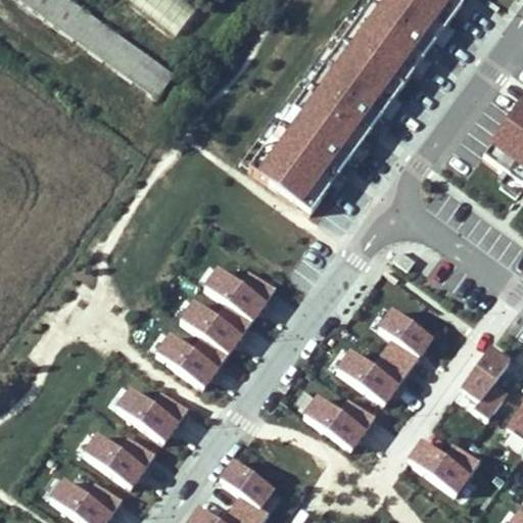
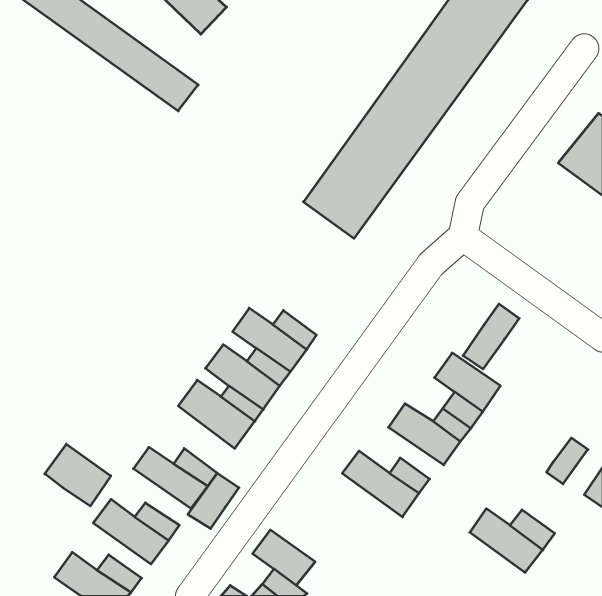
building: none -> [463,304,519,369]
building: [461,347,509,399] -> none
building: none -> [45,444,111,506]
building: none -> [188,473,239,529]

